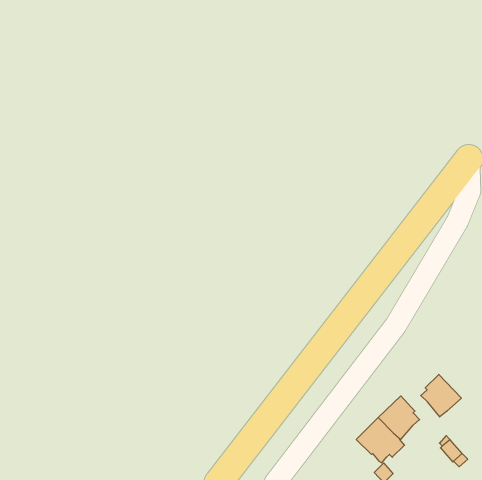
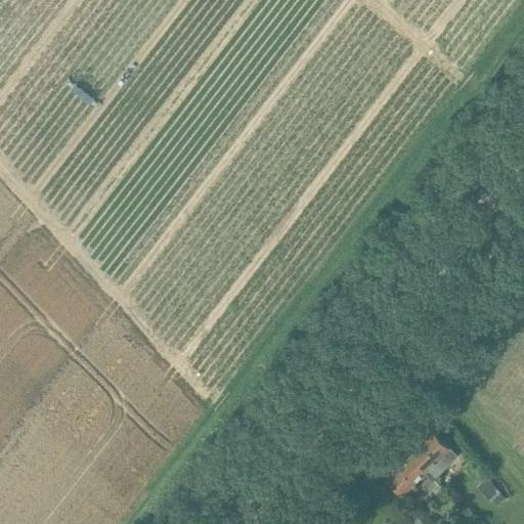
building: [421,374,461,417] -> none

